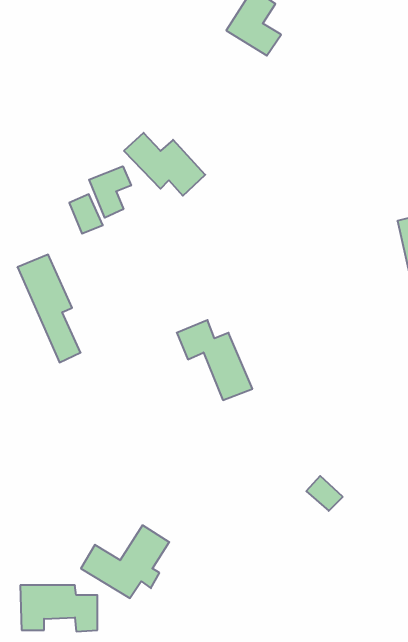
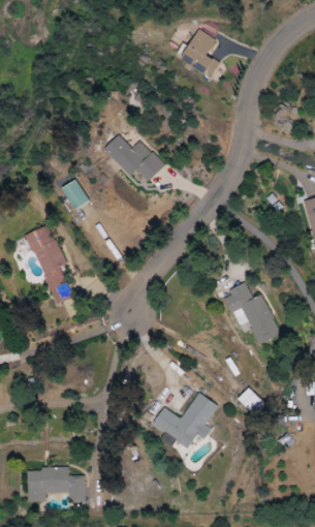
building: [89,166,131,218] -> none
building: [177,320,252,400] -> [224,284,280,343]
building: [81,525,169,598] -> [153,393,218,446]

